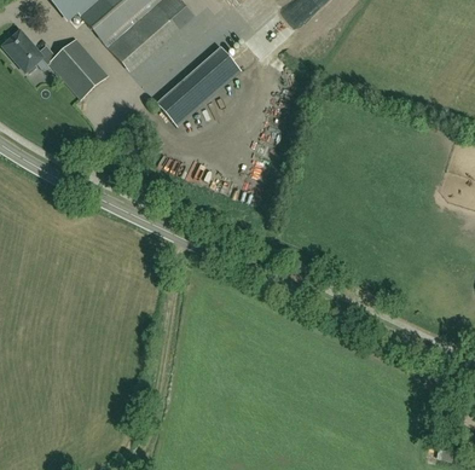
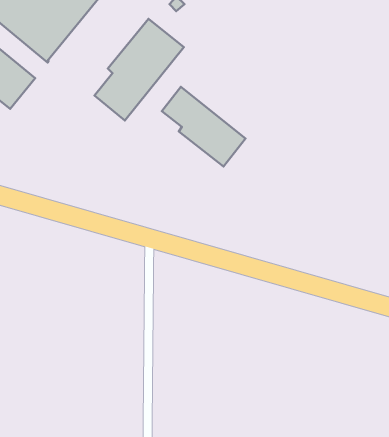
building: none -> [162,87,246,166]

